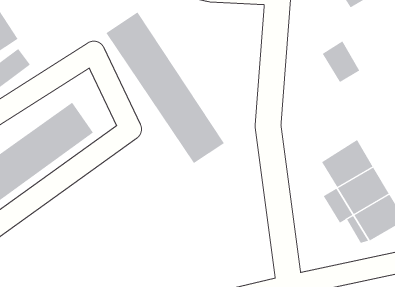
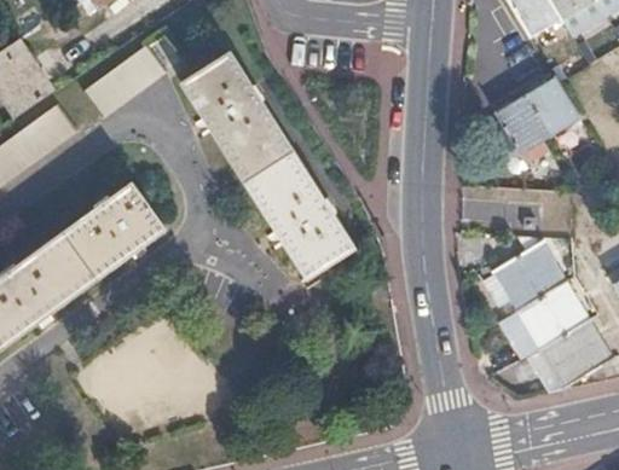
building: none -> [81,46,162,118]
building: none -> [525,76,582,139]

